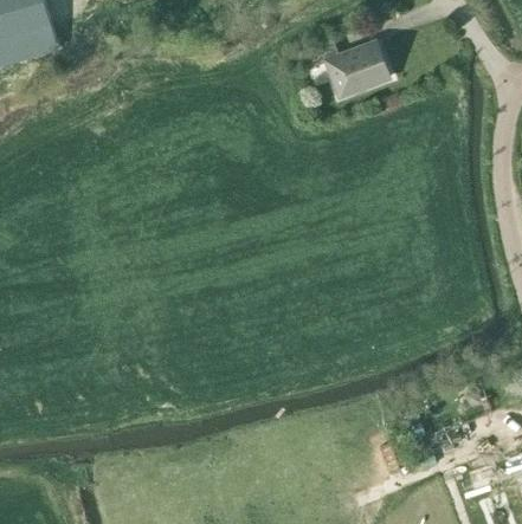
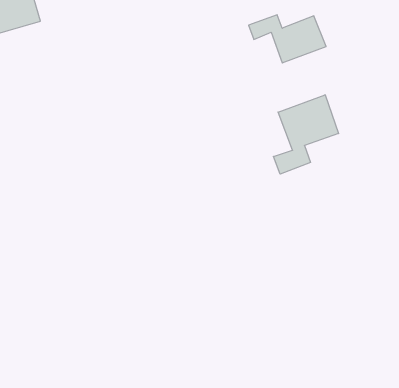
building: none -> [273,95,339,174]

